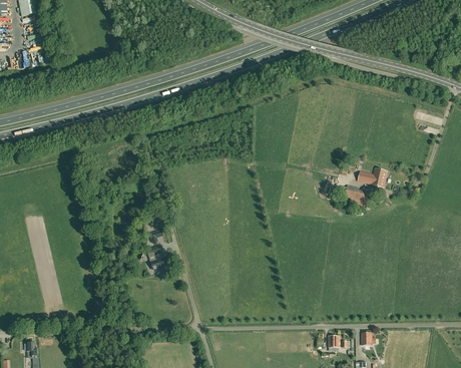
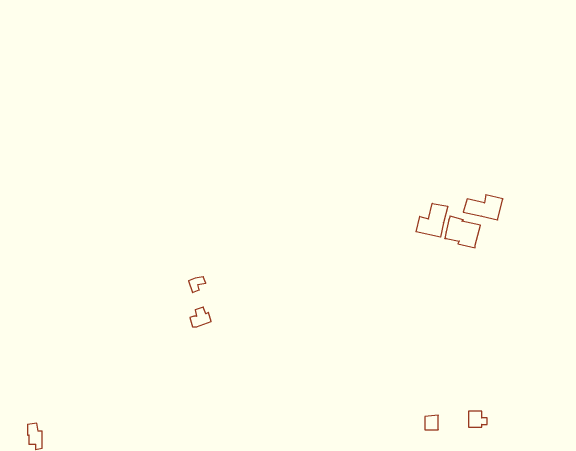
building: none -> [416,203,448,237]

